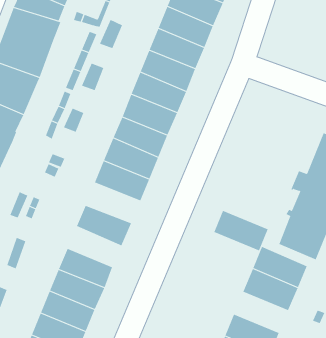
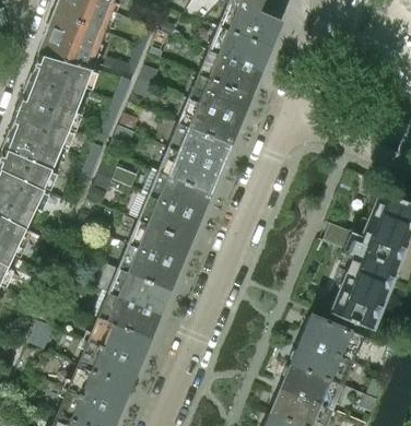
building: none -> [119,244,180,288]
building: [214,210,268,251] -> [282,364,342,409]
building: none -> [99,292,160,336]

